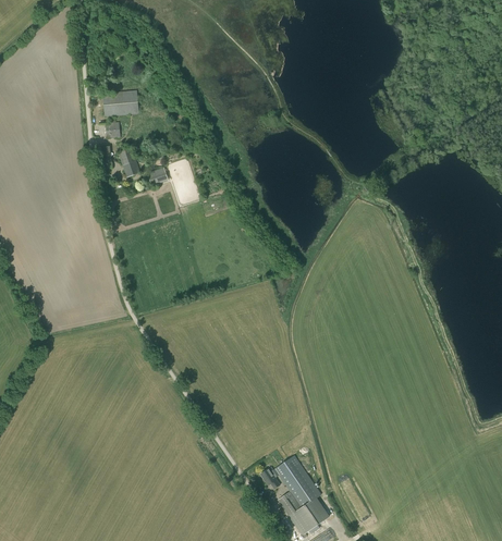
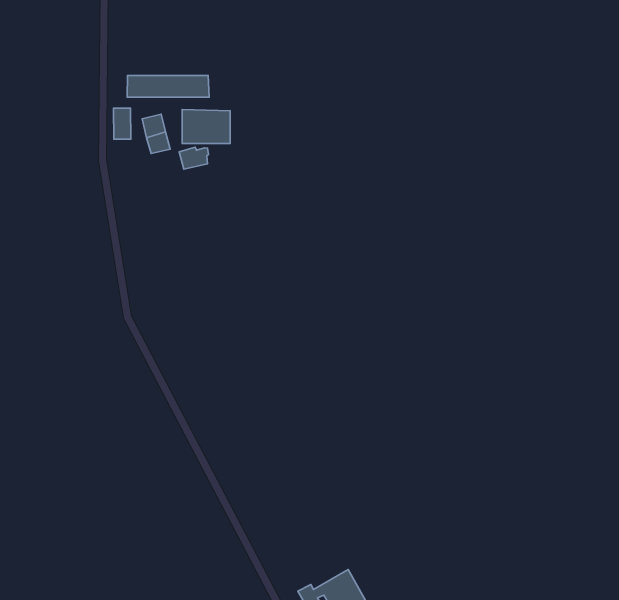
building: [102,90,138,116] -> [182,109,230,144]

